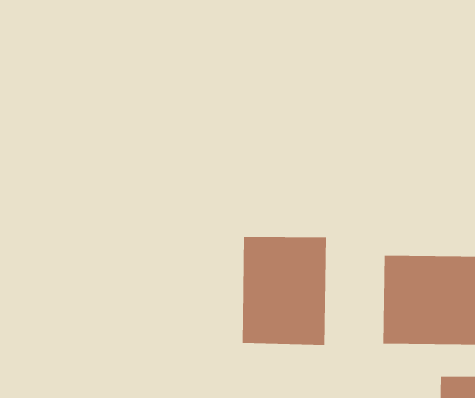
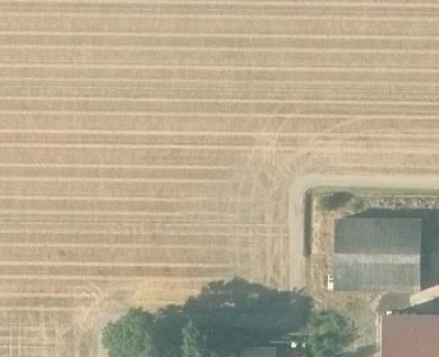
building: [242,236,327,346] -> none

